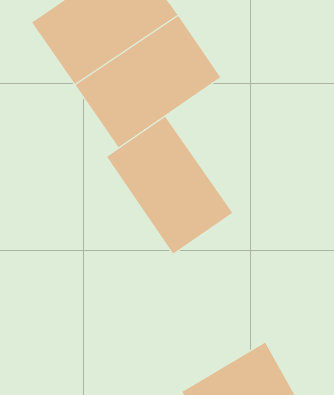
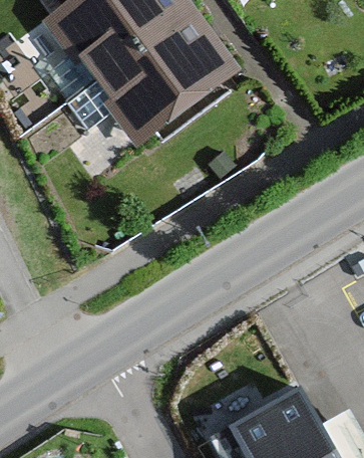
building: [106,116,233,254] -> none

